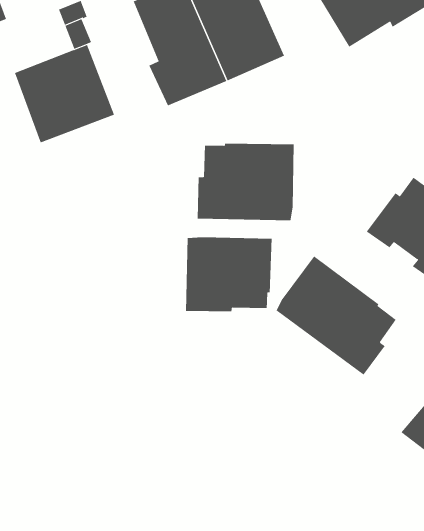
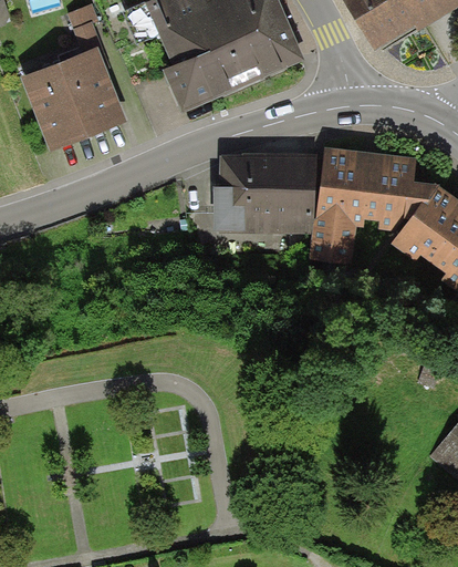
building: none -> [310,146,443,266]
building: [185,236,272,312] -> none
building: [276,256,397,376] -> none

